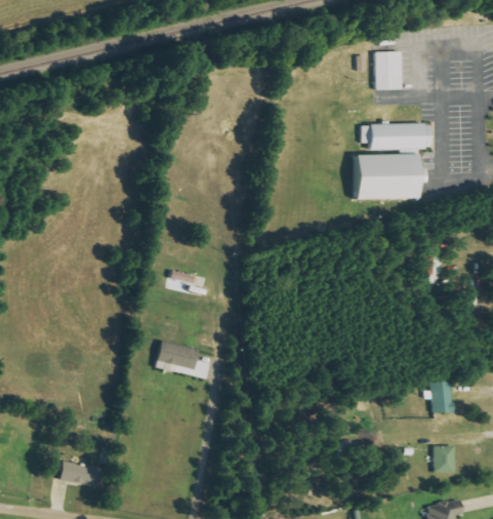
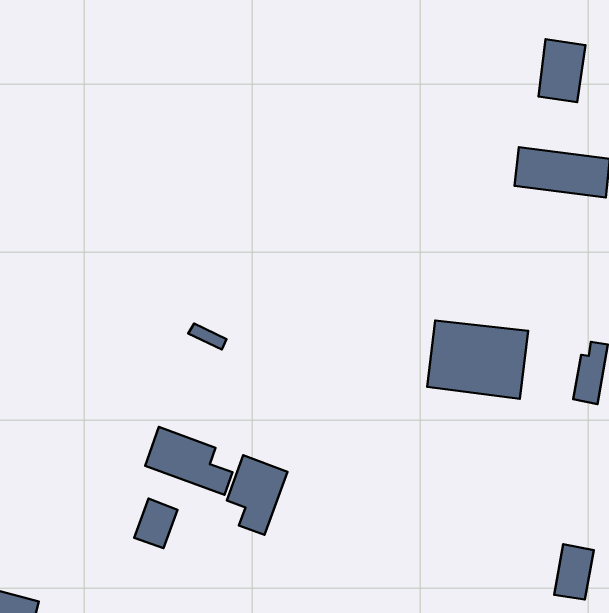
building: [353,153,415,199] -> [427,320,528,399]
building: none -> [227,455,288,535]
building: none -> [134,498,177,548]

